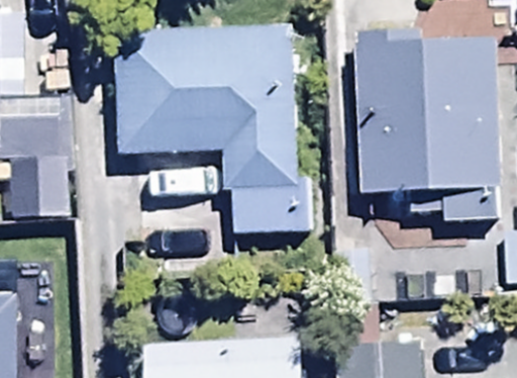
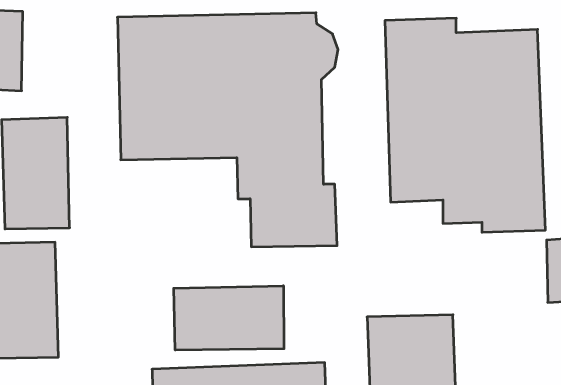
building: none -> [174,286,284,350]

